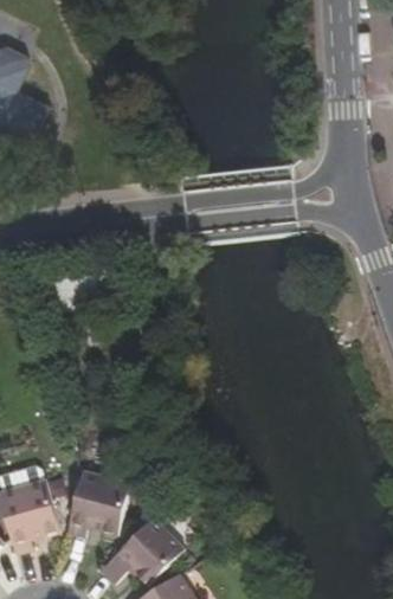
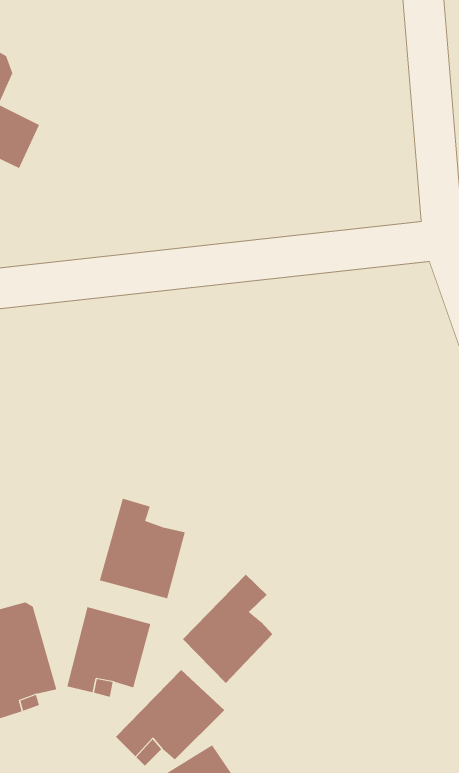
building: none -> [99,498,186,599]
building: none -> [182,574,273,684]

